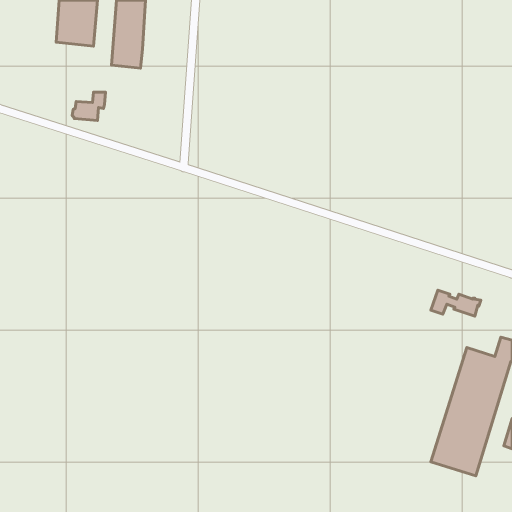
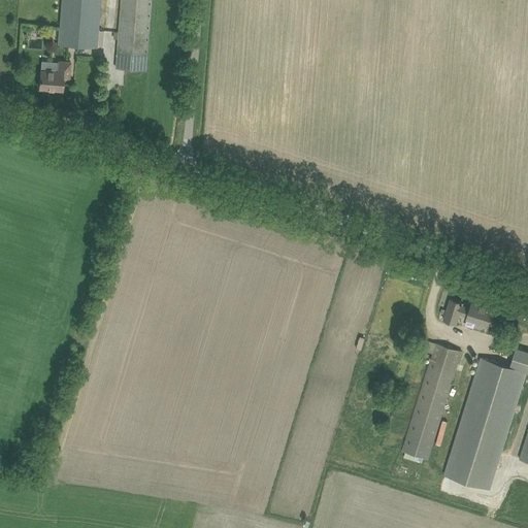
building: [72,92,105,120] -> [36,62,70,91]
building: none -> [402,343,461,458]

